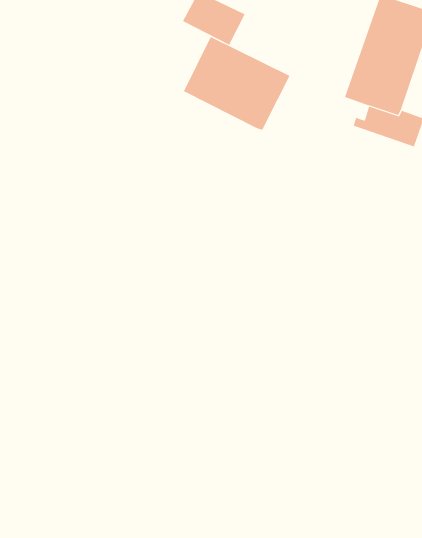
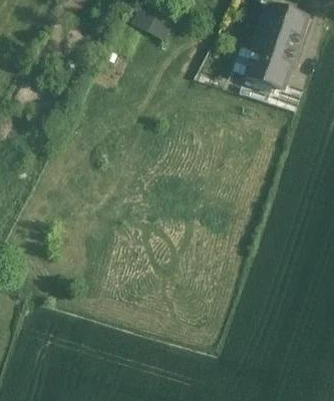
building: [183,36,290,131] -> none

